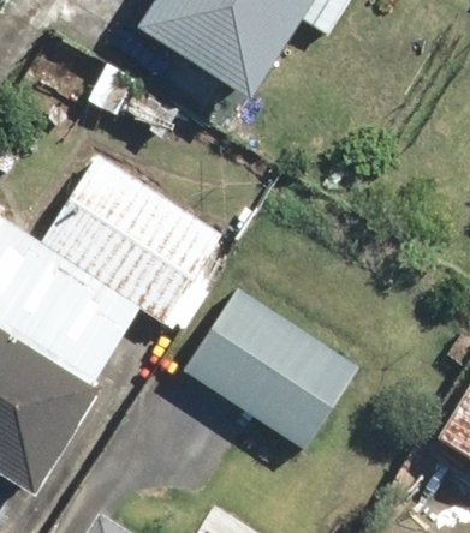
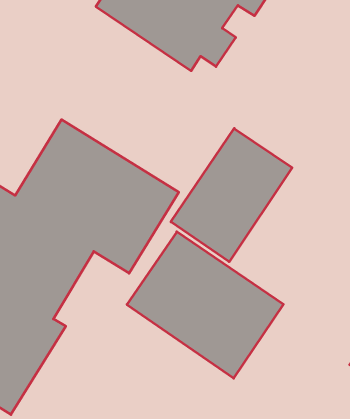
building: none -> [171,128,292,262]

